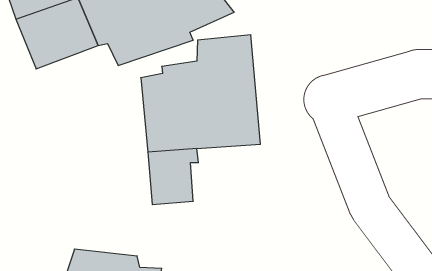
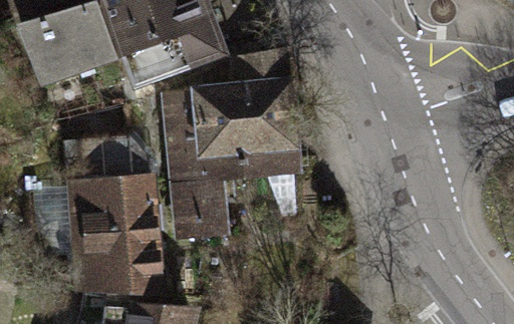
building: none -> [64,139,159,300]

